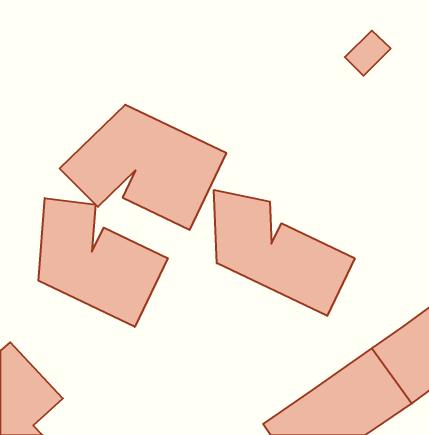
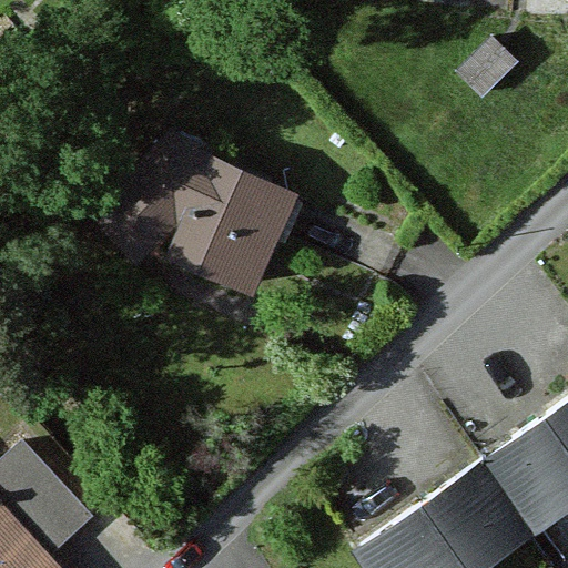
building: [214,190,355,316] -> none
building: [38,198,168,327] -> none

